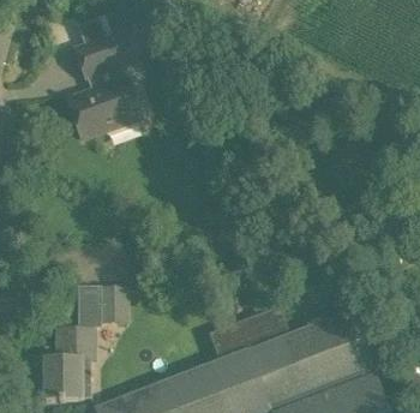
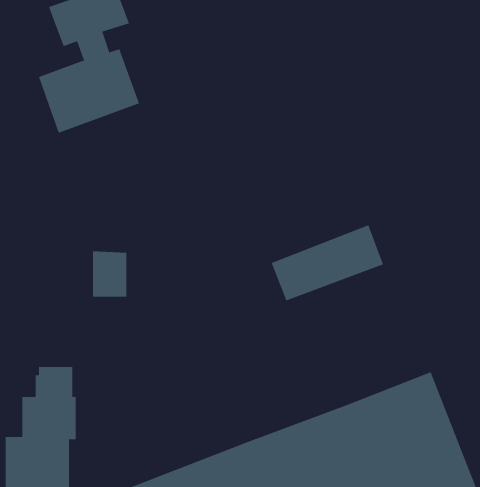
building: [102,288,127,322] -> [92,251,127,297]
building: [206,306,288,361] -> [271,225,384,301]

